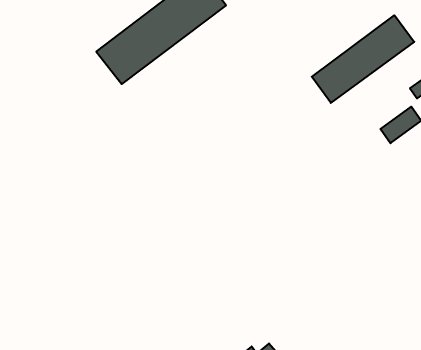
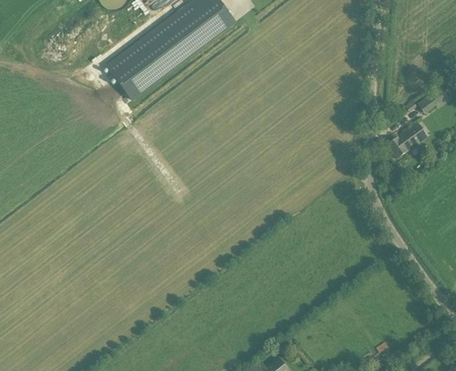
building: [312,15,414,103] -> none

